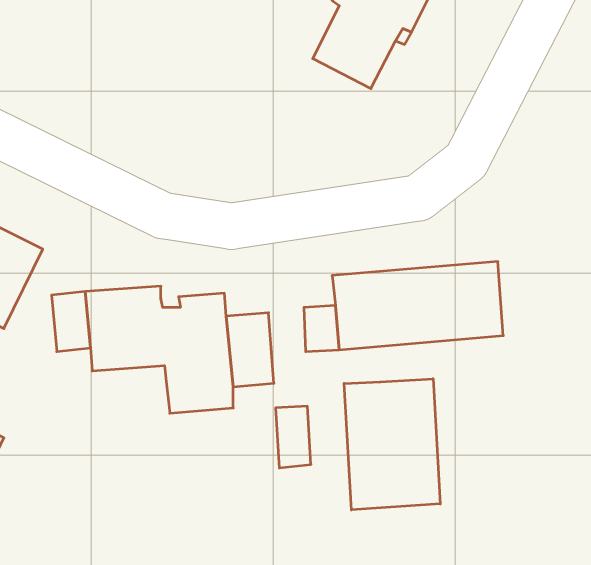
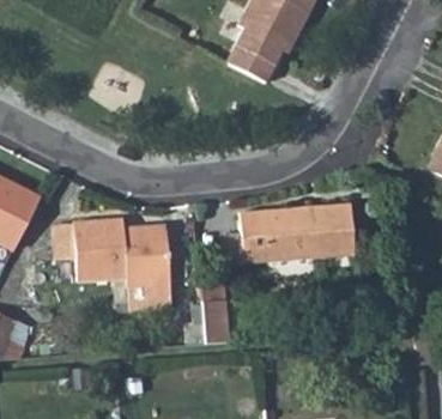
building: [344,379,440,510] -> none

